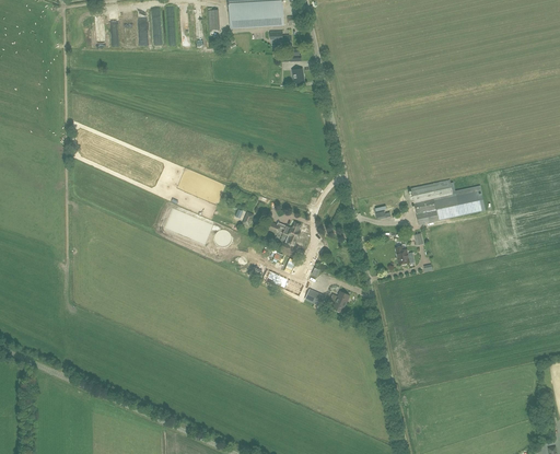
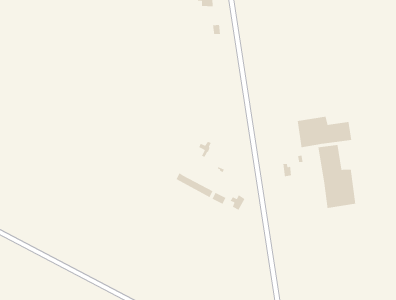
building: none -> [318,144,356,209]

